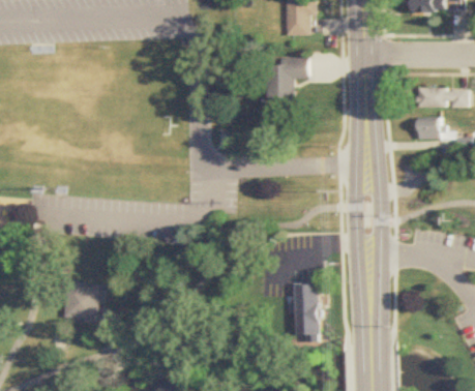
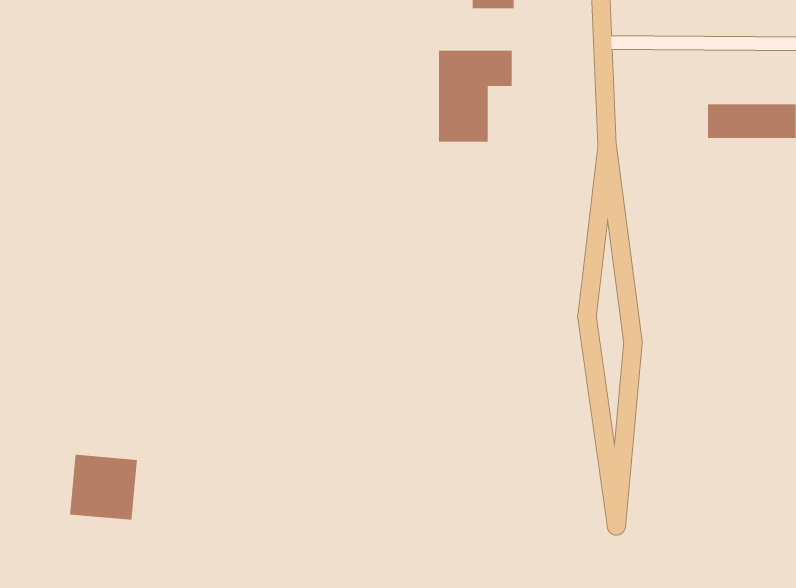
building: [417,118,452,141] -> none
building: [295,284,320,335] -> none

